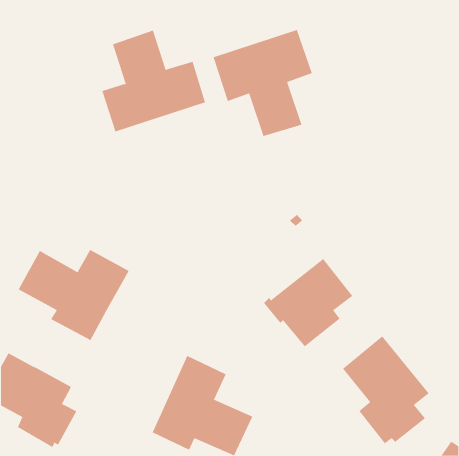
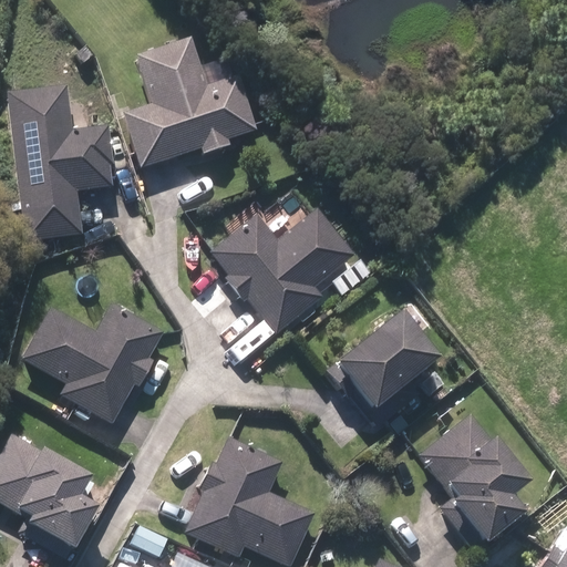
building: [213,29,313,137] -> none
building: none -> [13,86,110,237]
building: none -> [214,212,351,328]

